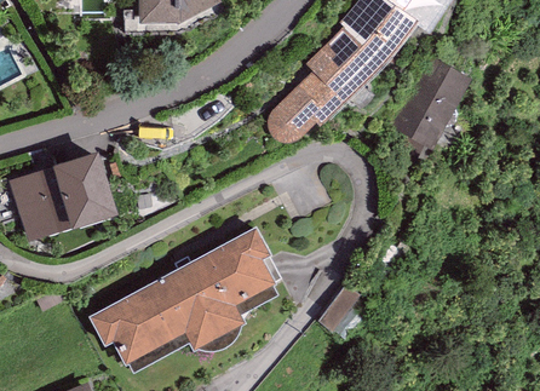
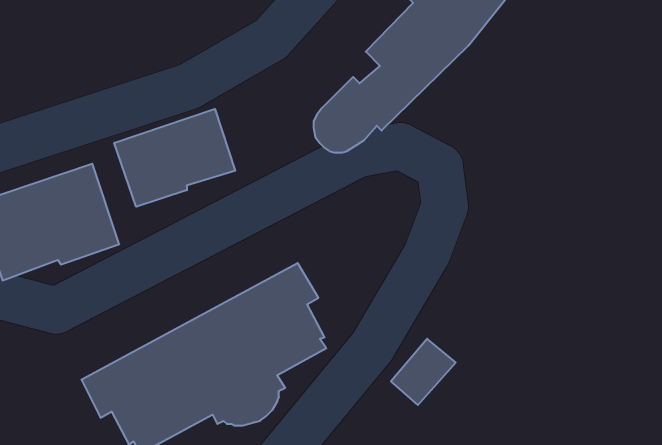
building: [389,53,471,150] -> none
building: none -> [114,109,235,207]

